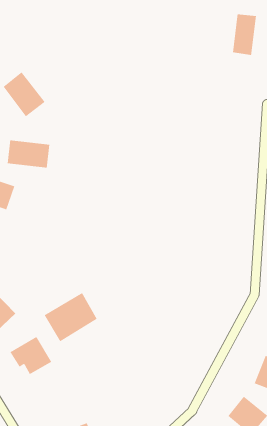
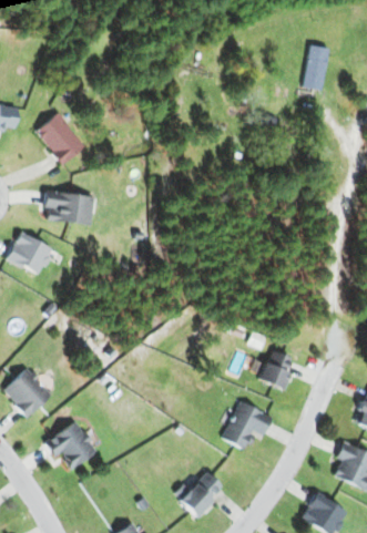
building: none -> [256,353,289,389]
building: [44,292,98,342] -> none
building: none -> [224,403,273,450]
building: none -> [174,471,222,515]

